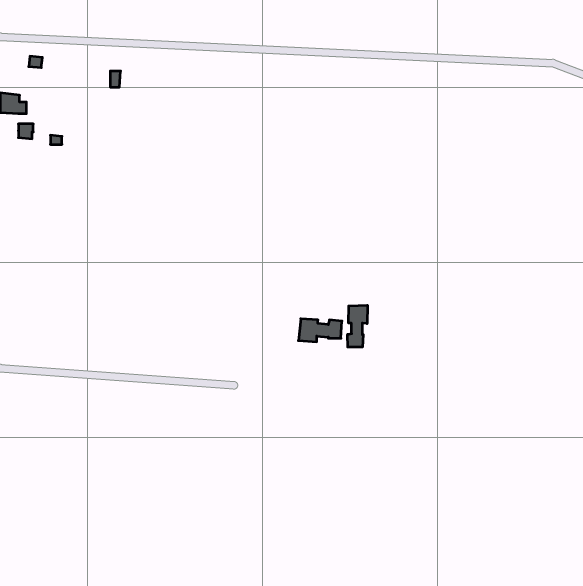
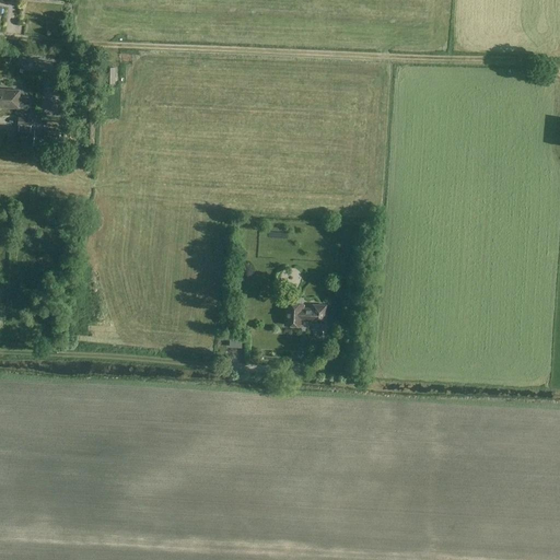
building: [348,305,367,347] -> none

